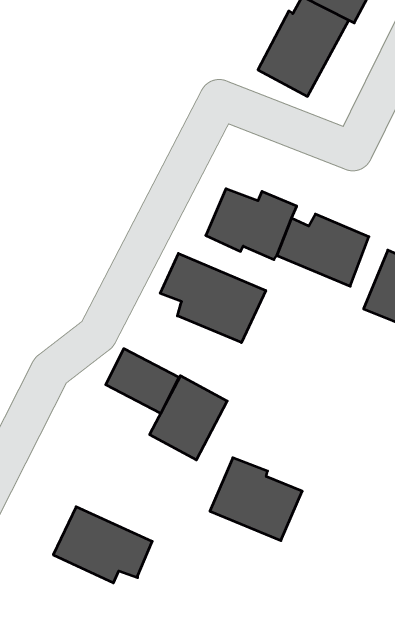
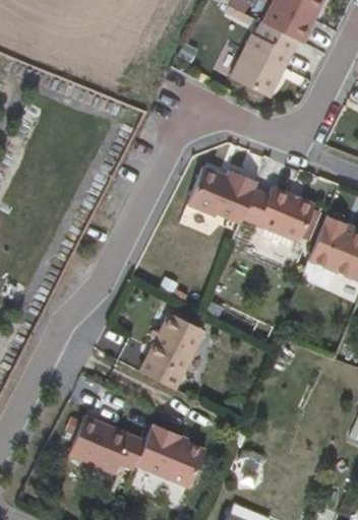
building: [160,253,266,343] -> none
building: [106,349,179,413] -> none
building: [210,458,302,541] -> [137,424,207,486]

